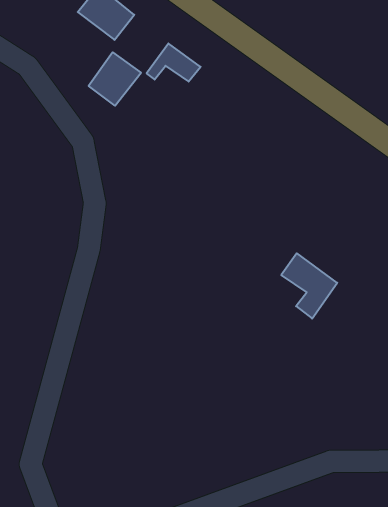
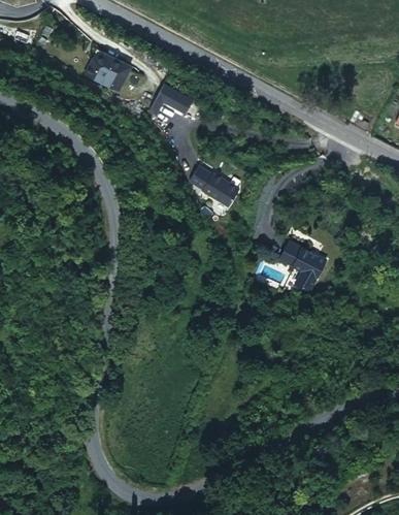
building: [89,52,141,106] -> none
building: none -> [188,166,236,206]

